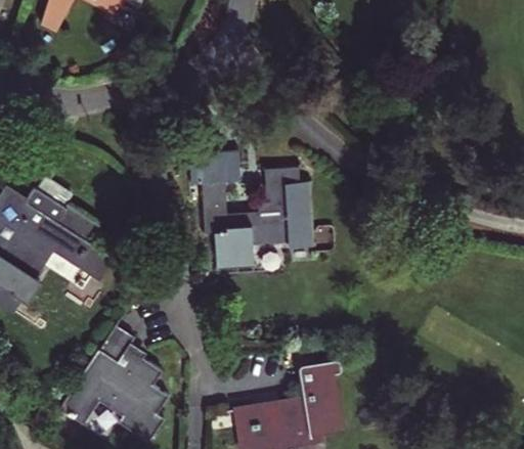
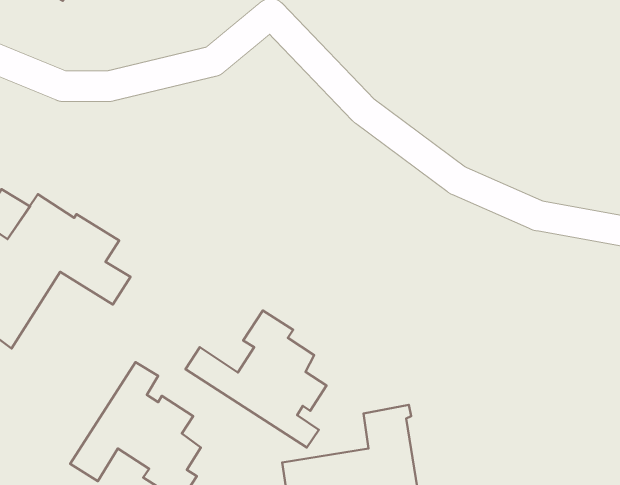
building: [189,151,315,268] -> none
building: none -> [185,311,326,447]

